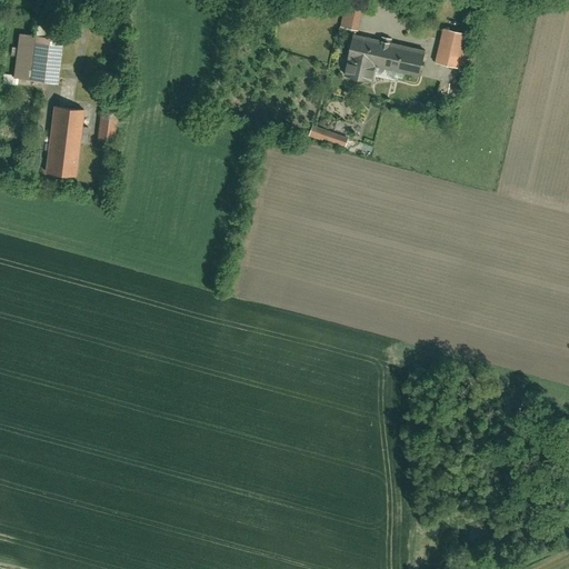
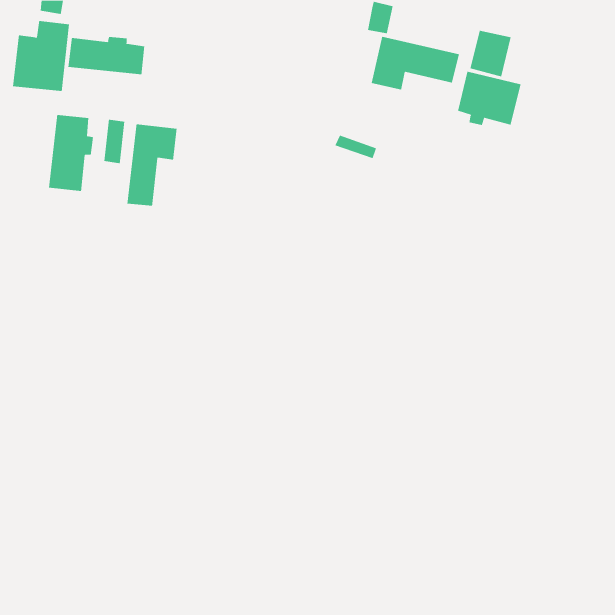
building: none -> [68,36,145,75]
building: none -> [457,71,521,126]
building: none -> [127,124,177,207]

